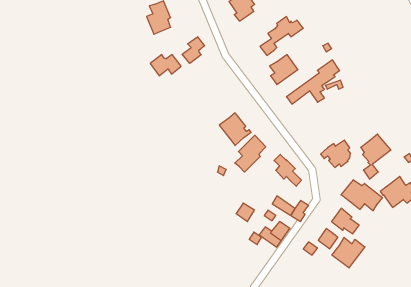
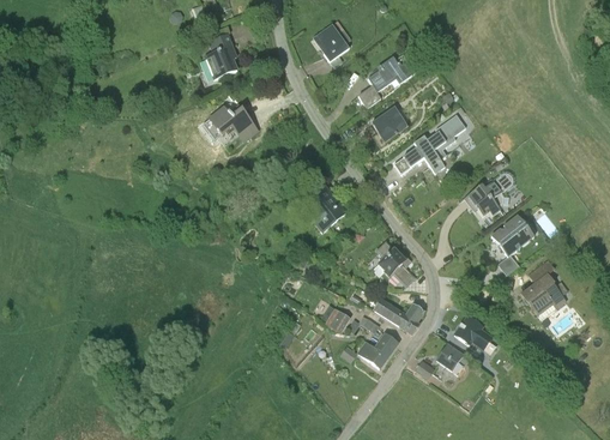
building: [182,37,205,63] -> none
building: [235,135,266,172] -> none
building: [321,140,351,167] -> [464,179,505,216]
building: [341,180,382,211] -> none
building: [332,237,365,268] -> none

